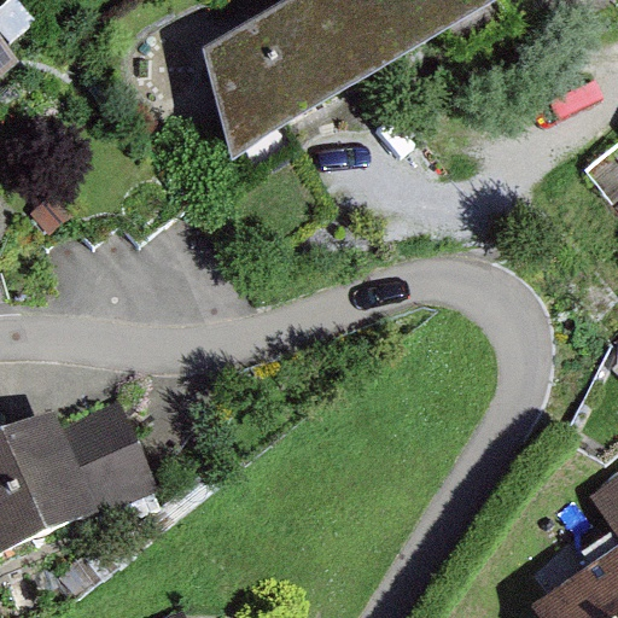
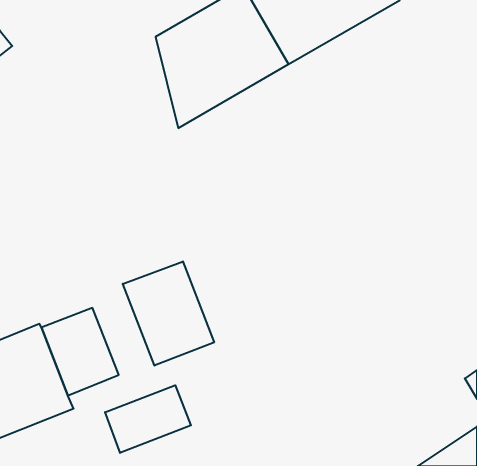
building: none -> [123,261,214,366]
building: none -> [105,385,191,453]

